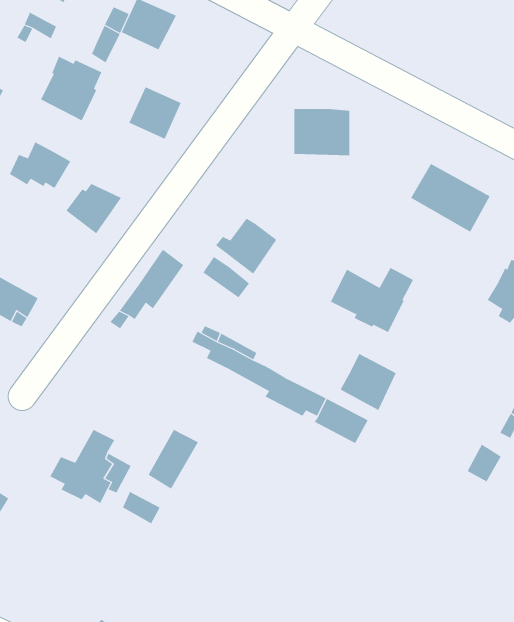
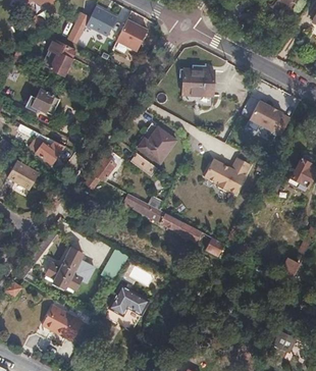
building: [129,87,182,139] -> [118,20,148,50]
building: [65,183,122,234] -> [33,138,64,166]
building: [340,353,397,411] -> none
building: none -> [109,285,149,316]
building: none -> [42,305,82,341]

